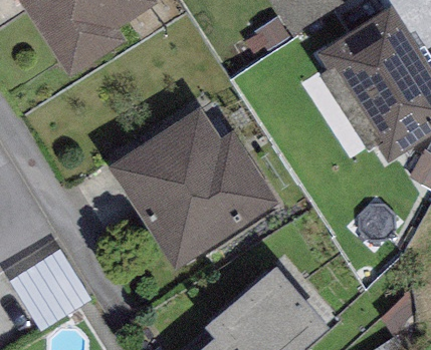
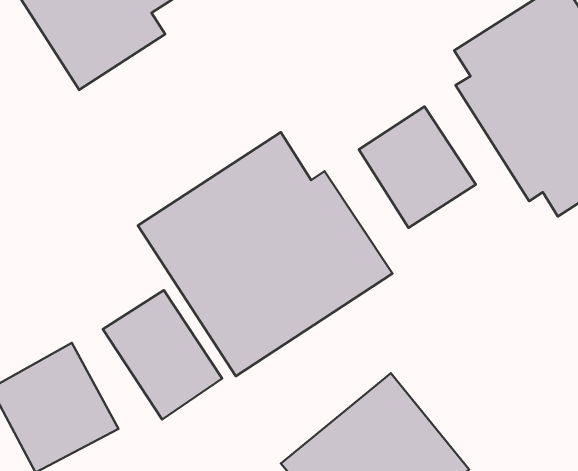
building: none -> [359,107,476,228]
building: none -> [103,290,222,420]

